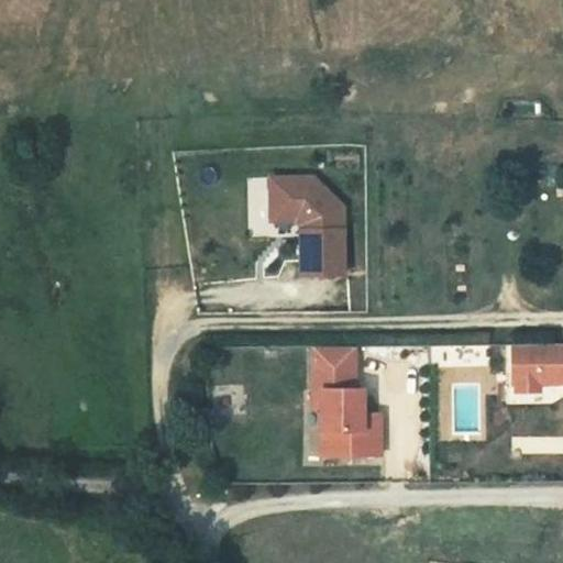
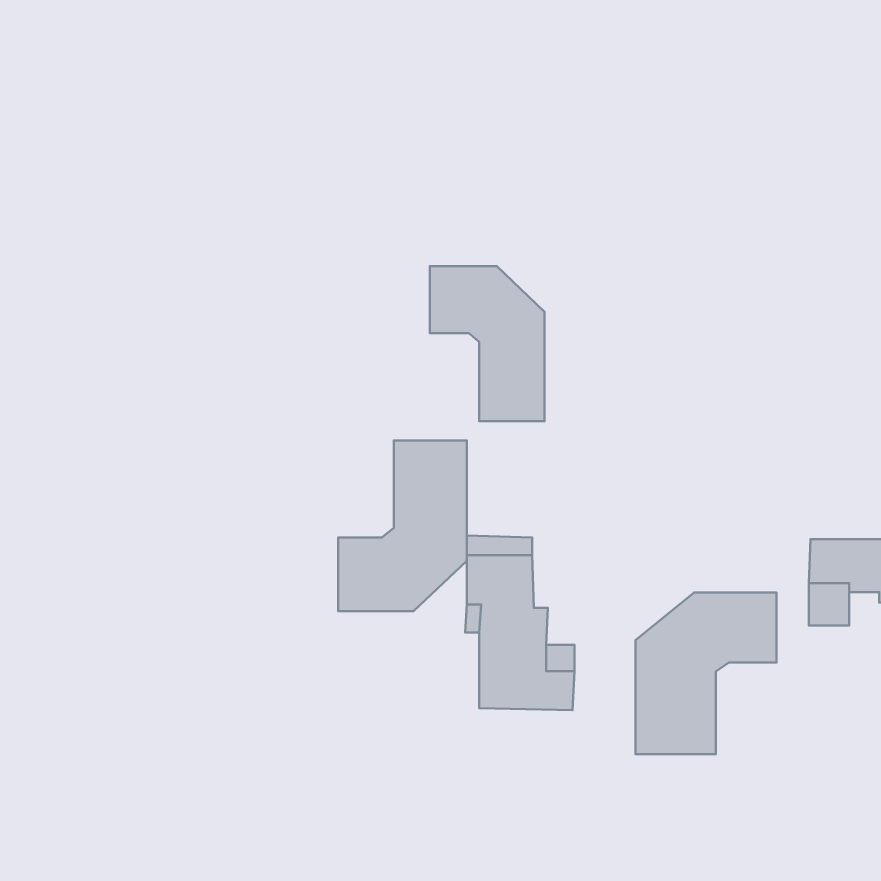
building: none -> [338,441,467,611]
building: none -> [636,593,777,754]

